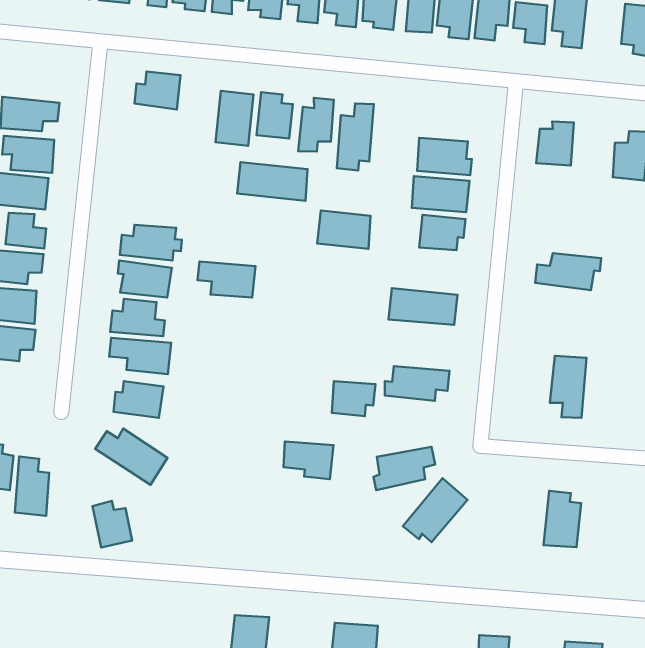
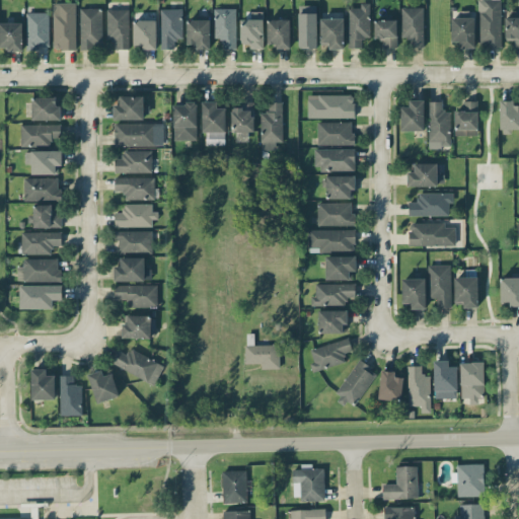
building: none -> [31,97,60,121]
building: none -> [307,95,354,119]
building: none -> [428,101,451,148]
building: none -> [115,151,152,173]
building: [237,162,307,201] -> [115,124,163,146]
building: none -> [407,163,444,187]
building: [317,211,371,249] -> [317,203,354,226]
building: [198,262,255,297] -> [115,177,154,201]
building: none -> [409,222,455,246]
building: none -> [325,256,356,281]
building: none -> [401,279,426,309]
building: none -> [454,278,478,308]
building: [332,381,375,416] -> [318,310,348,333]
building: none -> [407,367,431,414]
building: none -> [379,371,402,401]
building: none -> [460,362,484,404]
building: [92,501,132,547] -> [88,370,119,403]

